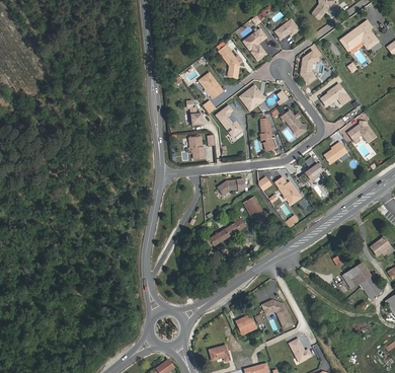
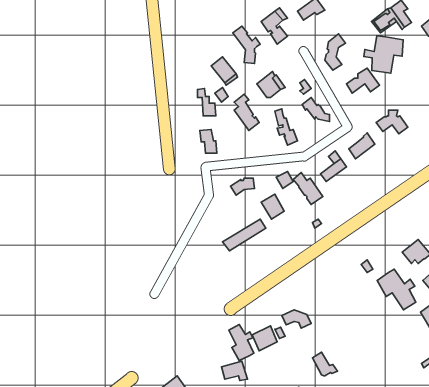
building: none -> [364,36,403,73]
building: none -> [229,325,254,360]

